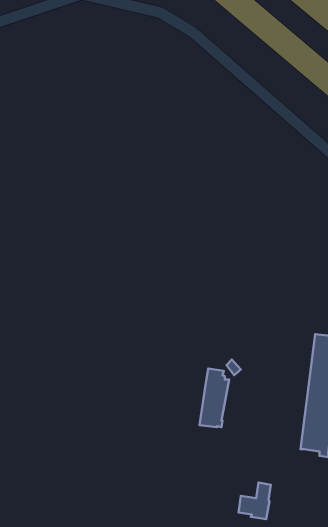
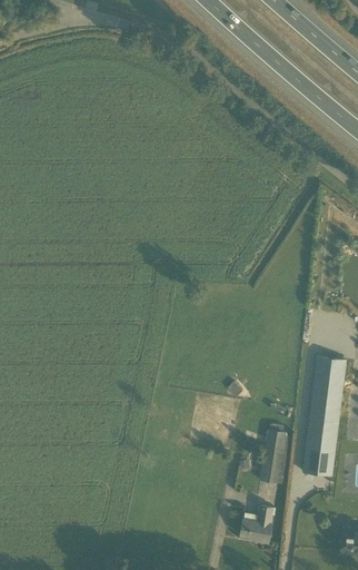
building: [199,369,229,427] -> [261,424,291,483]

